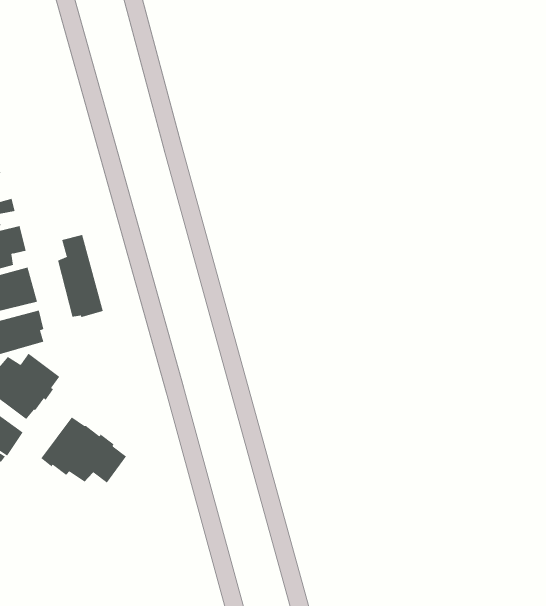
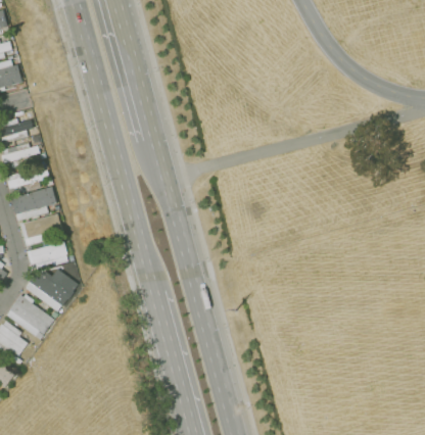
building: [58,234,103,318] -> none
building: [41,417,127,483] -> none

